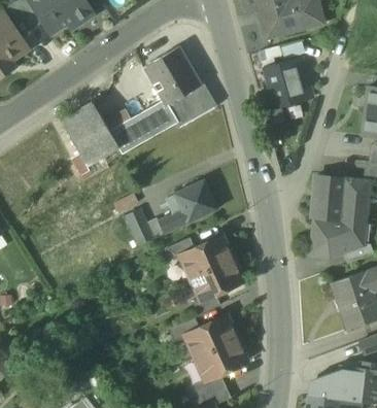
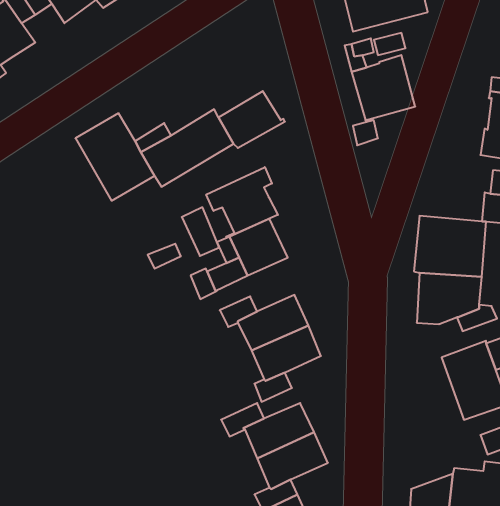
building: [145,46,202,104] -> none
building: none -> [206,167,278,238]
building: [126,209,153,245] -> [182,207,219,256]

